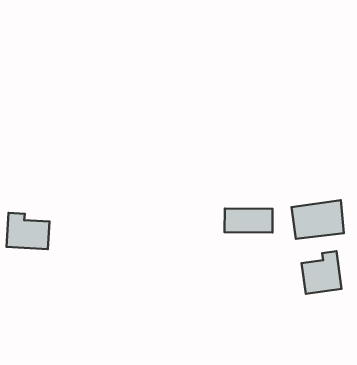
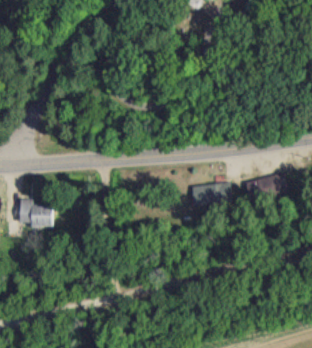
building: [301,251,342,294] -> none

